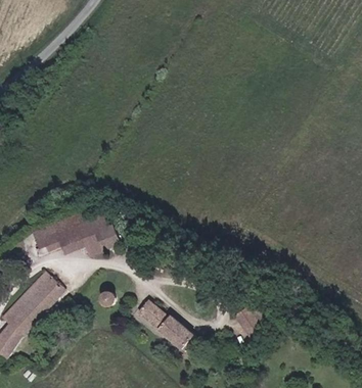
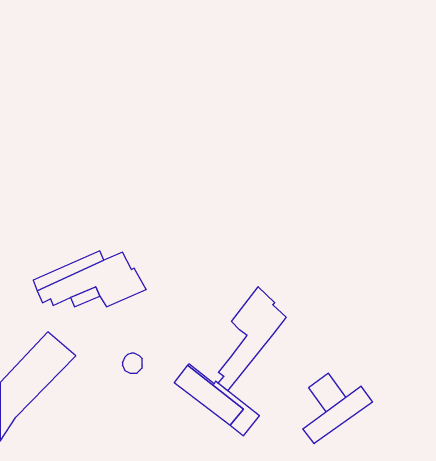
building: none -> [218,287,286,391]
building: none -> [303,386,372,444]

